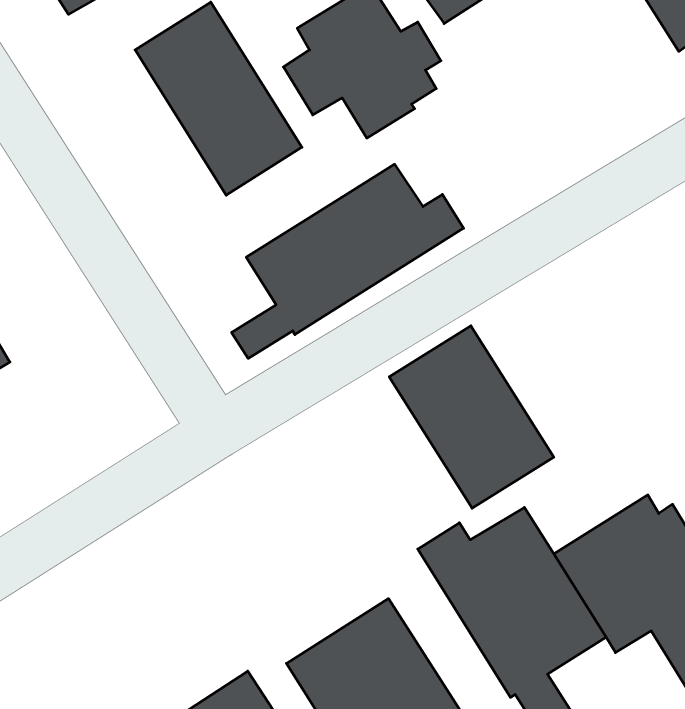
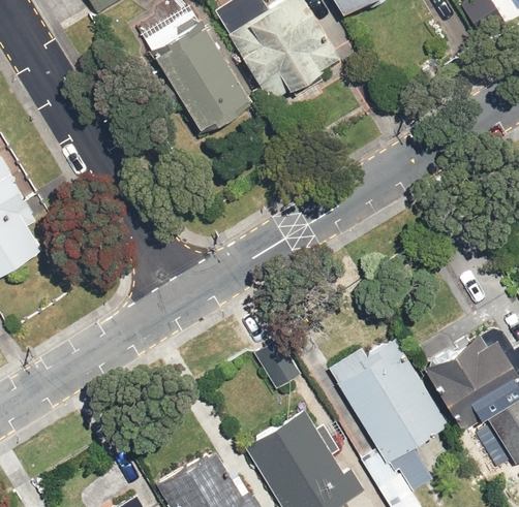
building: [232,164,464,358] -> none
building: [389,326,554,508] -> none

